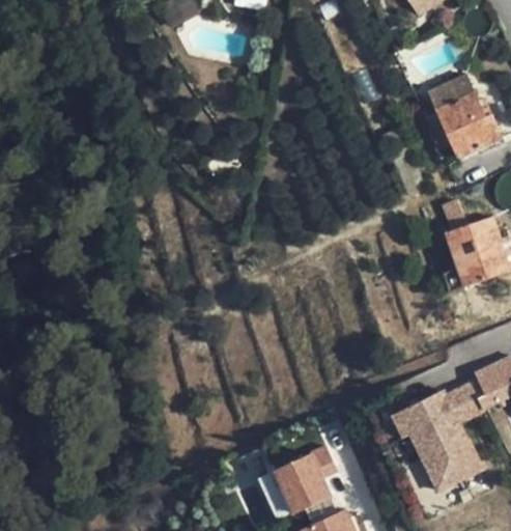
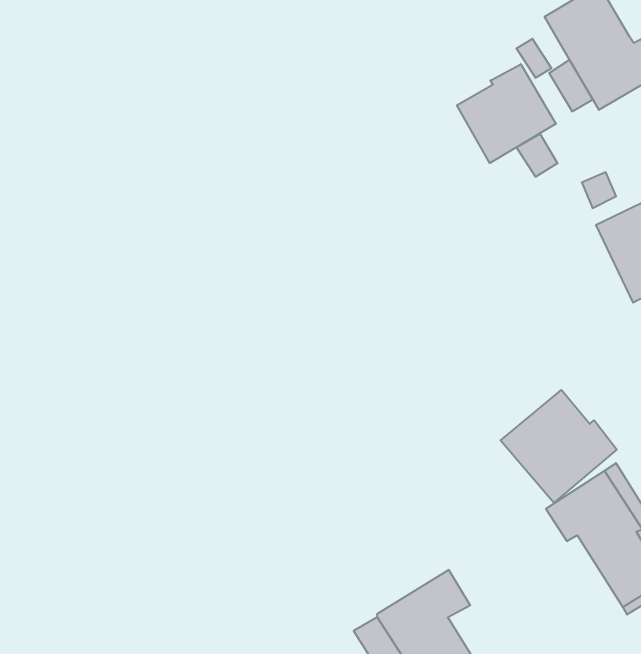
building: none -> [457,64,556,163]
building: none -> [501,390,617,503]

